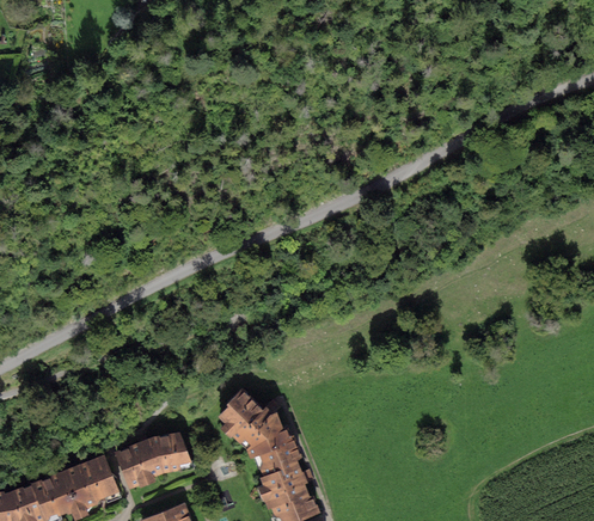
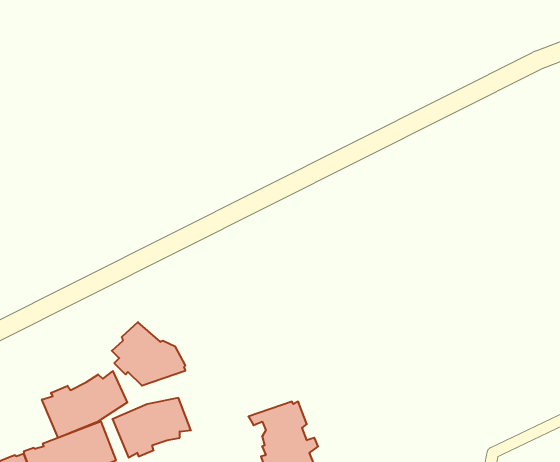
building: [216,388,287,449] -> [112,322,185,386]
building: none -> [42,371,127,438]

